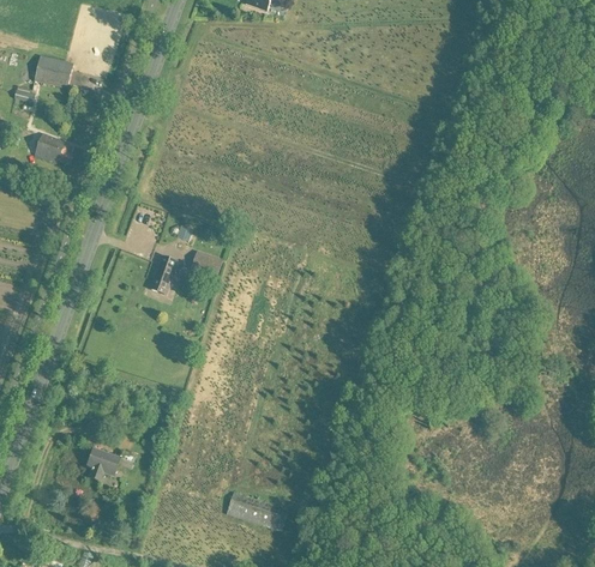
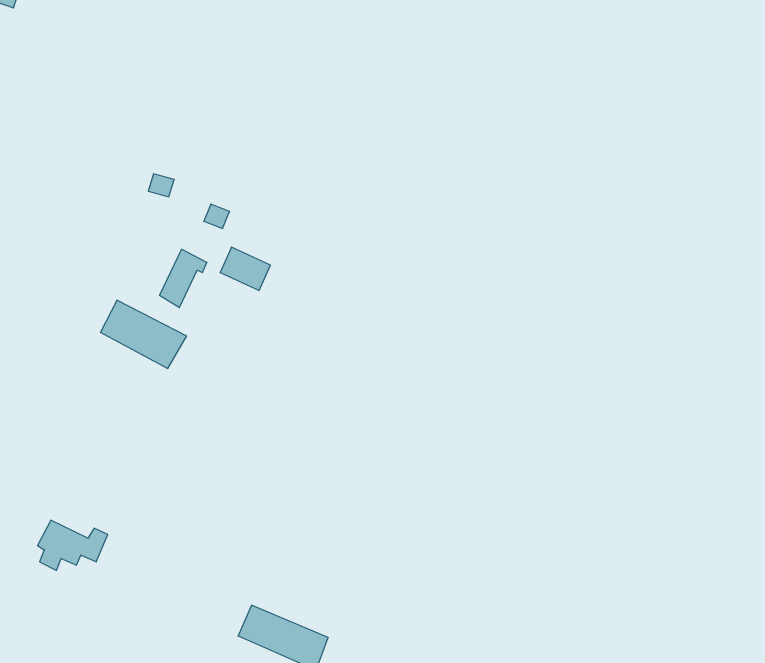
building: [34,133,73,164] -> none
building: none -> [101,300,186,369]

